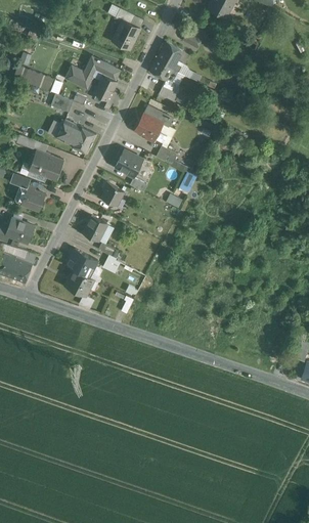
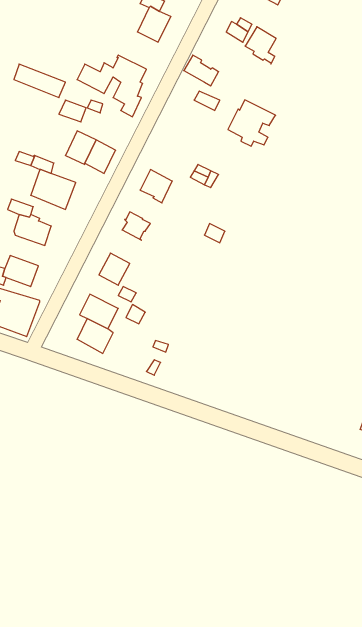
building: [157,43,181,73] -> [245,27,276,64]
building: [134,105,172,142] -> [228,100,276,146]

